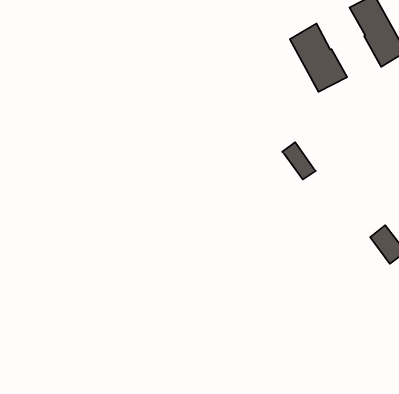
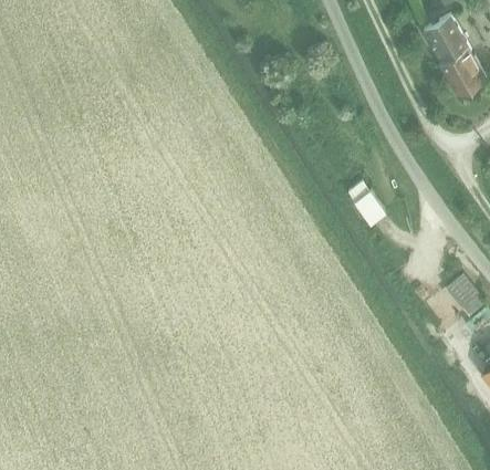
building: [290,24,347,92] -> none

